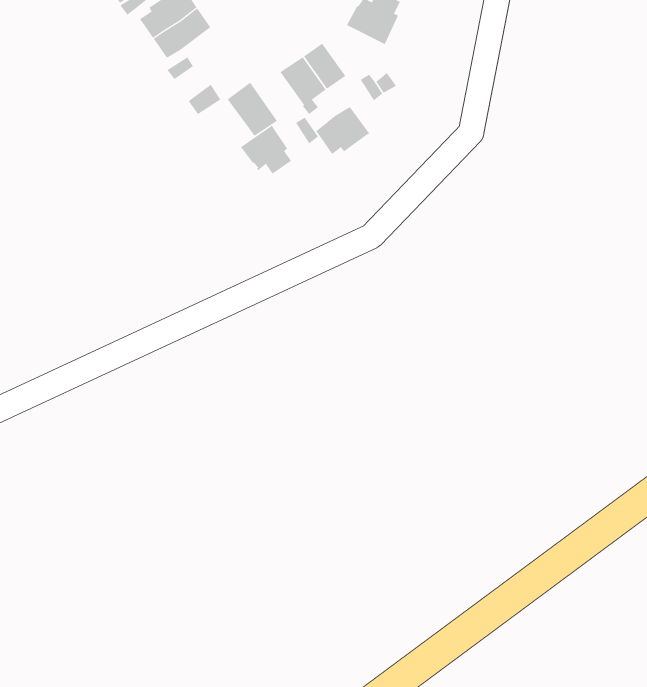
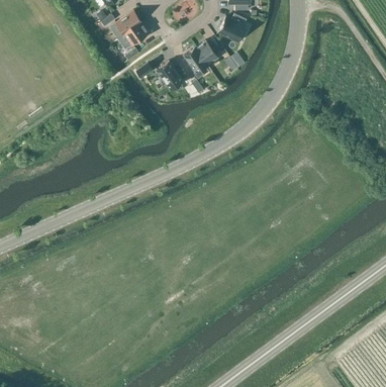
building: [315,106,370,155] -> none
building: [240,125,292,174] -> none

